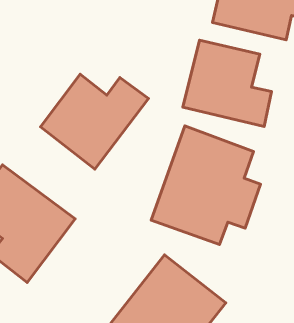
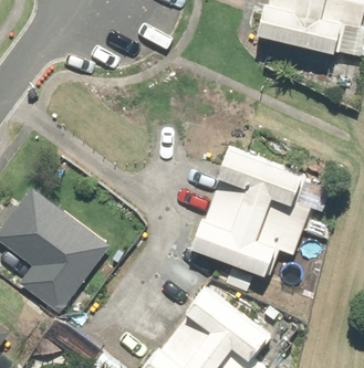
building: [183,40,272,126] -> none
building: [40,74,149,169] -> none

